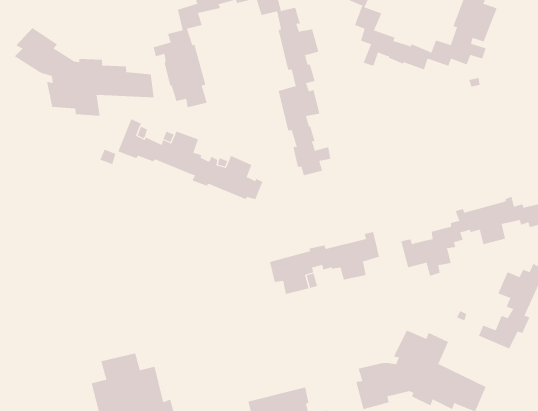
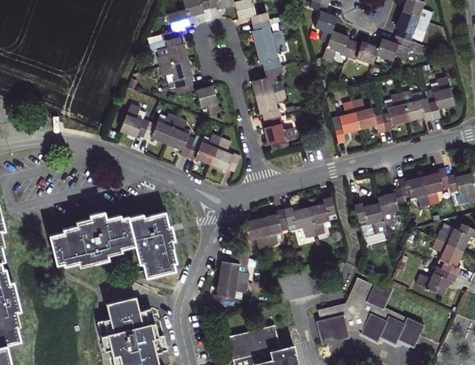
building: [14,27,154,116] -> none
building: none -> [334,77,453,144]
building: none -> [197,85,221,116]
building: none -> [49,211,176,277]
building: none -> [213,249,249,305]

